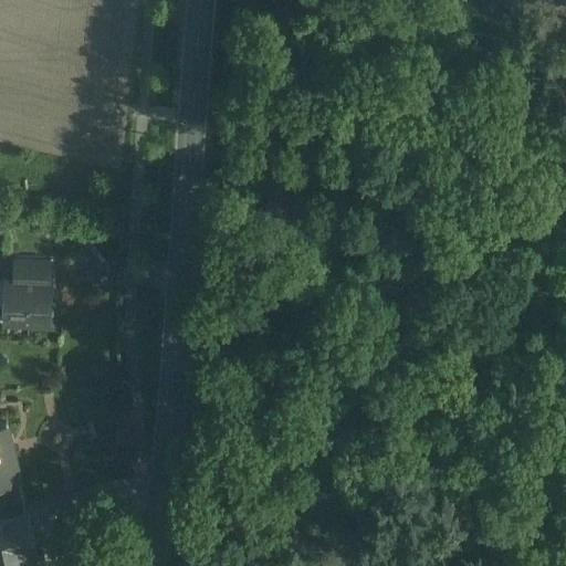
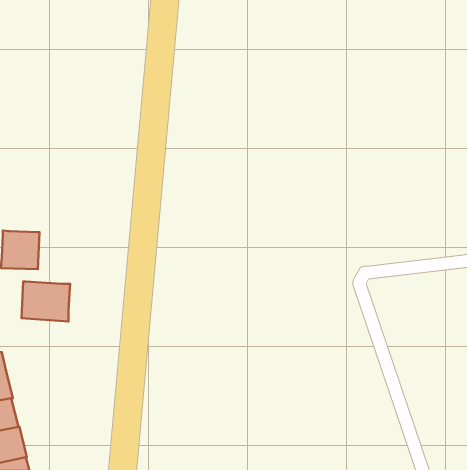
building: [11,261,46,280] -> none
building: none -> [21,281,70,321]

